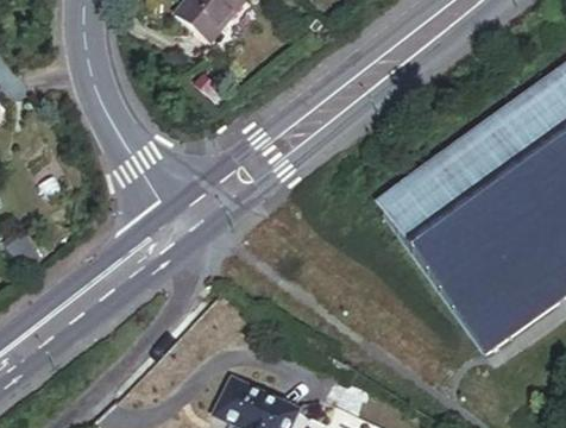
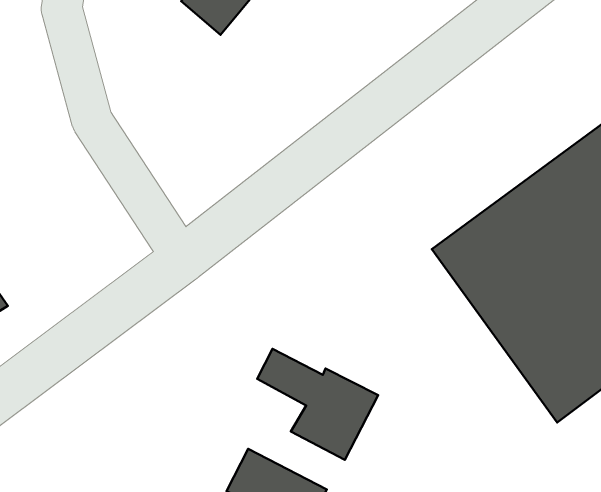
building: none -> [257,349,378,460]

